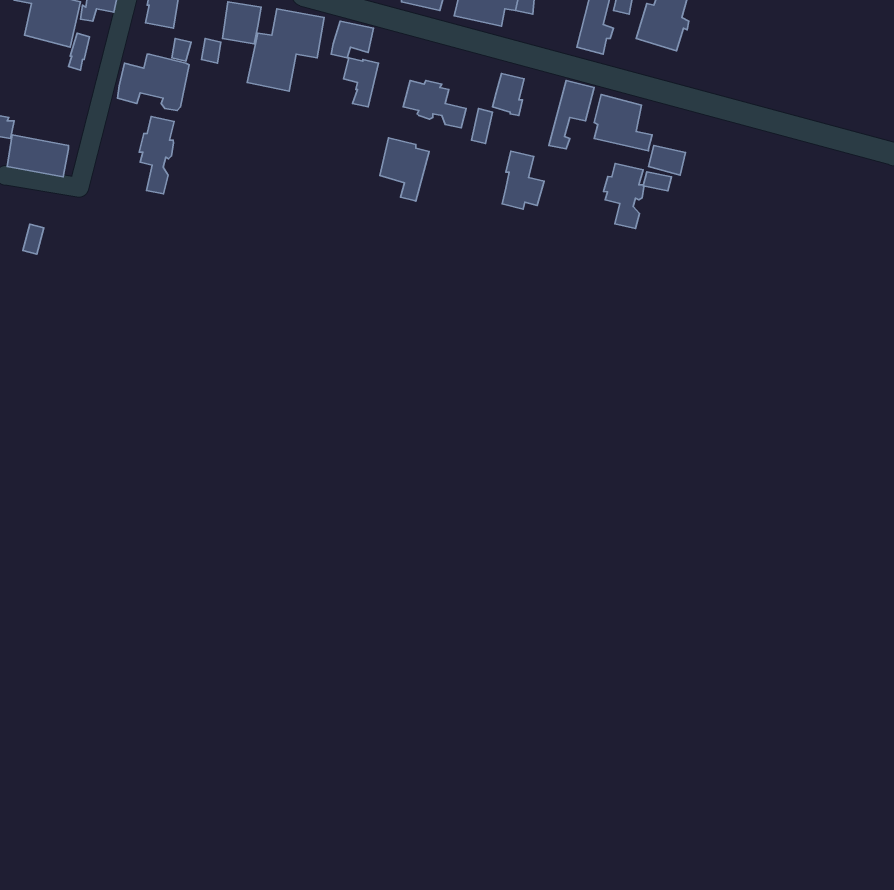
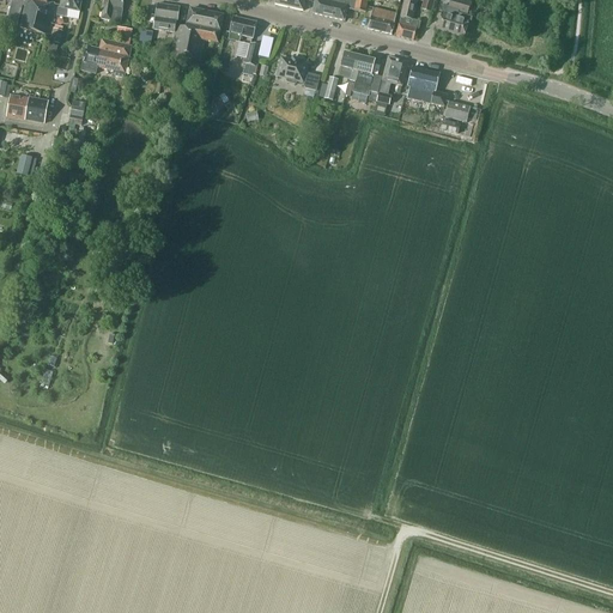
building: none -> [366,5,395,31]
building: [139,117,174,194] -> none
building: [380,138,429,201] -> none
building: [502,151,544,209] -> [352,54,381,93]
building: [603,163,644,228] -> none

